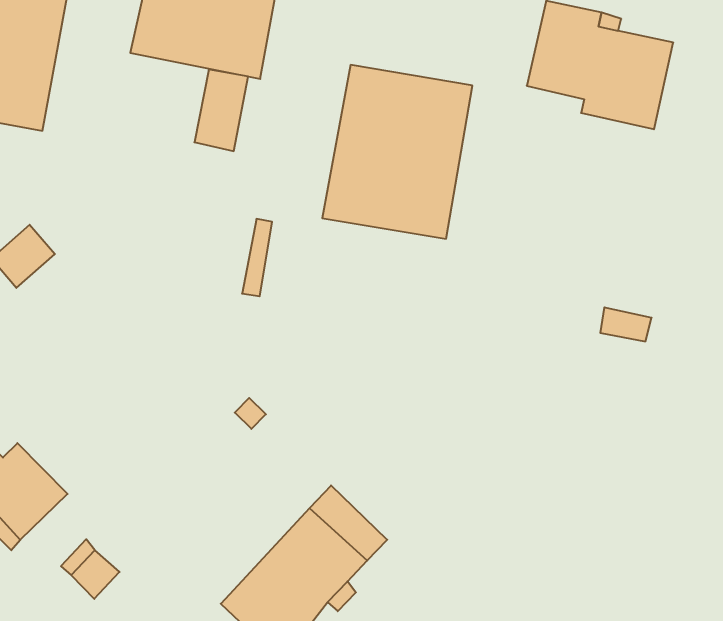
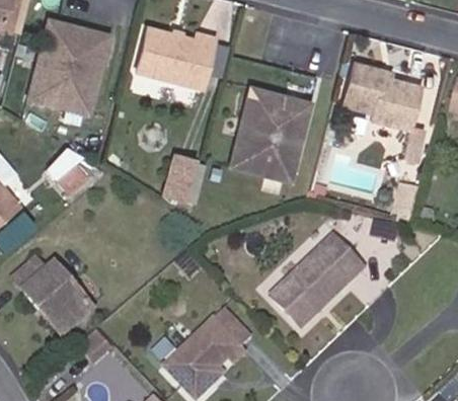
building: [194,69,248,151] -> [166,159,197,203]
building: none -> [273,239,364,328]

